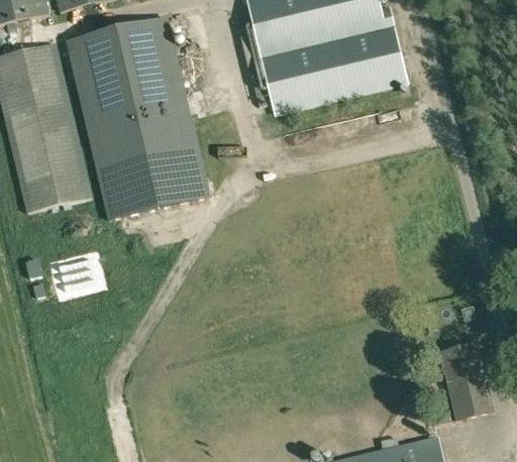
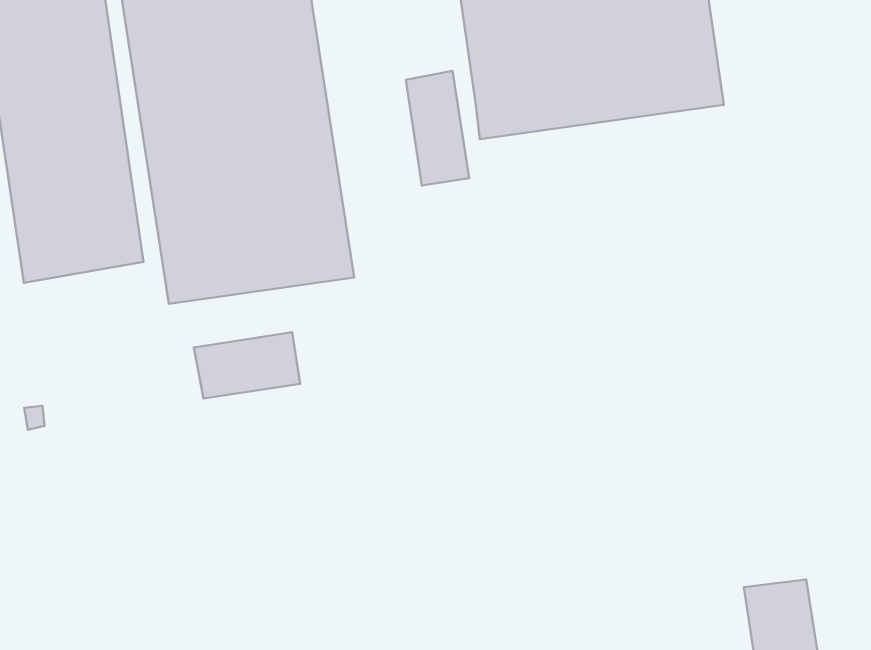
building: none -> [406,71,469,186]
building: none -> [194,332,300,399]

